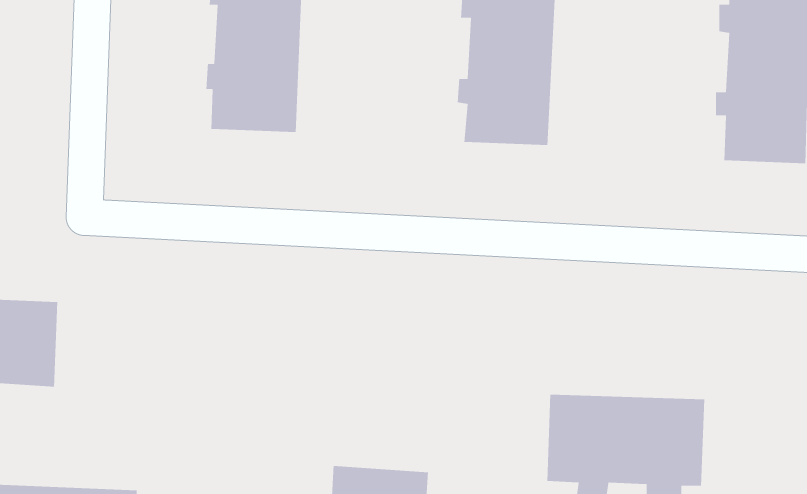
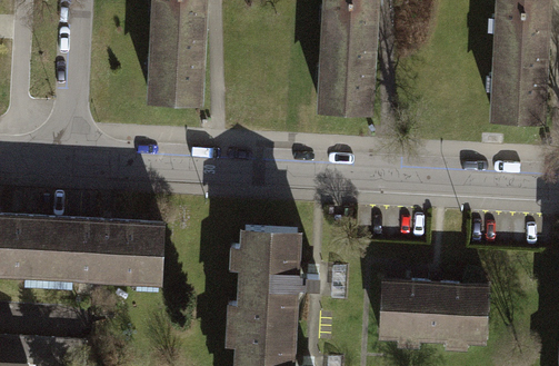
building: none -> [43,217,160,280]
building: none -> [230,234,320,332]

